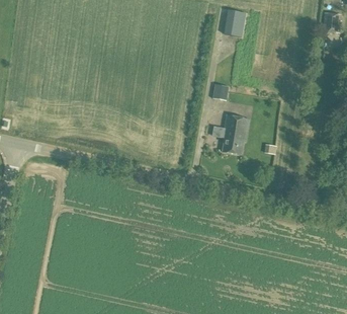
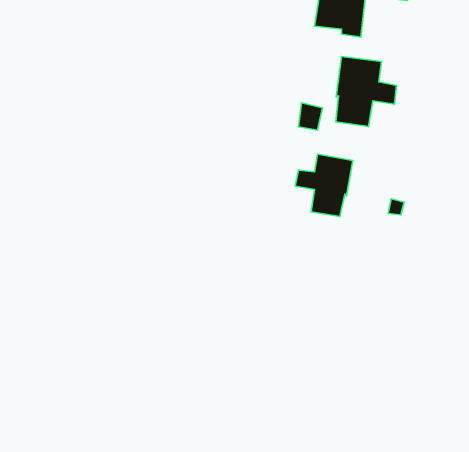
building: none -> [336,56,397,126]

